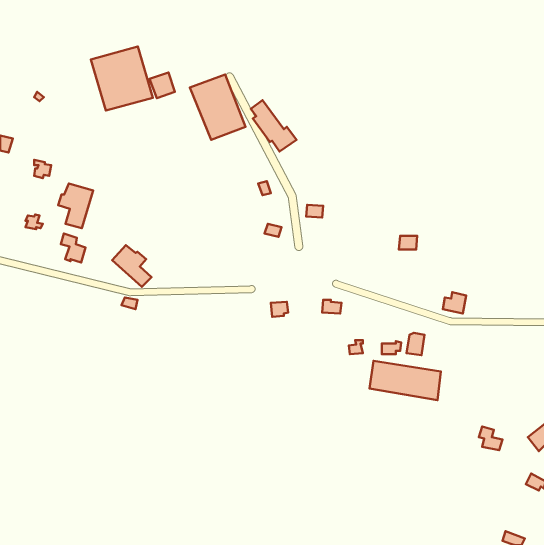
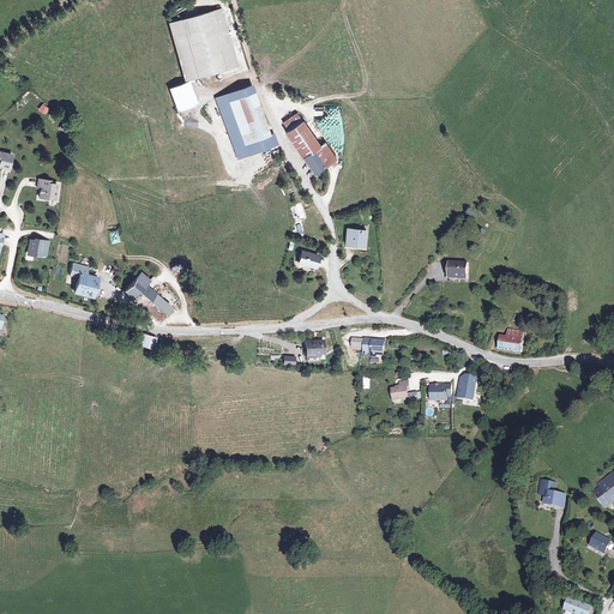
building: [91,47,153,111] -> [168,8,237,80]
building: [58,183,93,228] -> none
building: [370,361,441,400] -> none

